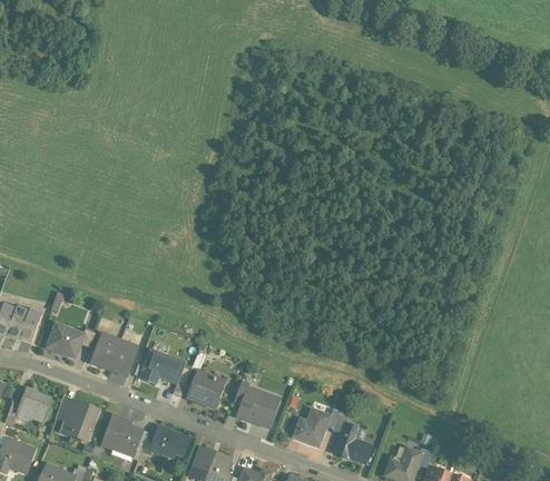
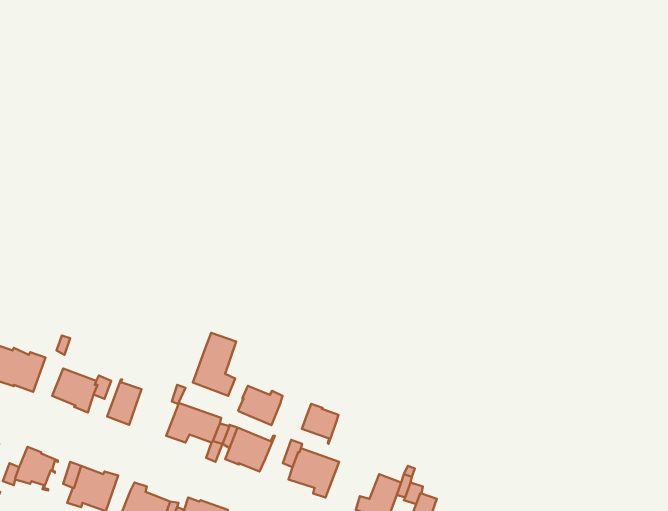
building: none -> [193,333,236,396]
building: none -> [238,386,283,425]
building: [109,340,138,375] -> none
building: none -> [302,404,339,444]

